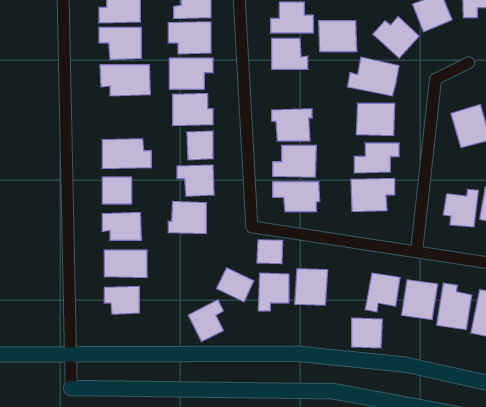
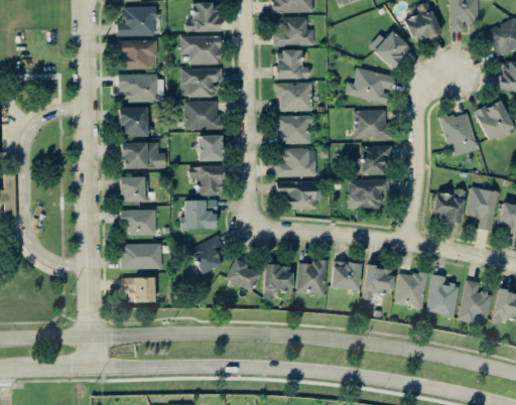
building: [318,21,357,52] -> [277,83,312,111]
building: none -> [118,108,147,137]
building: [257,240,283,264] -> none
building: [188,300,223,342] -> [189,236,222,274]
building: [352,318,382,348] -> [332,262,360,289]

